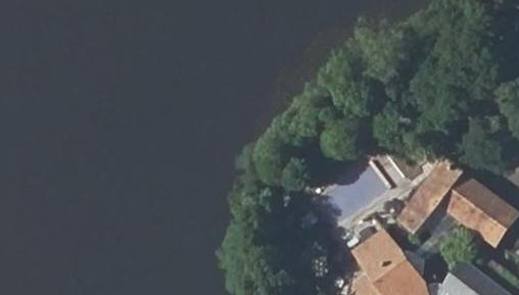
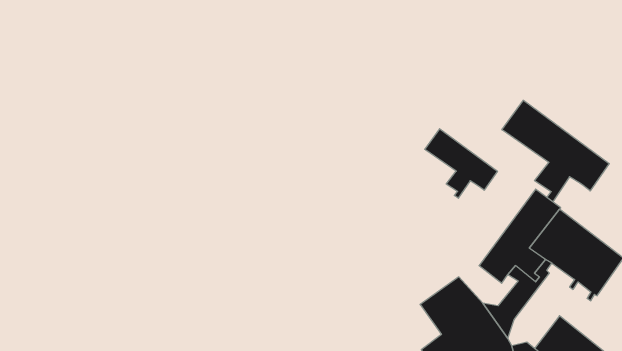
building: none -> [502,100,609,202]
building: none -> [425,129,497,198]

